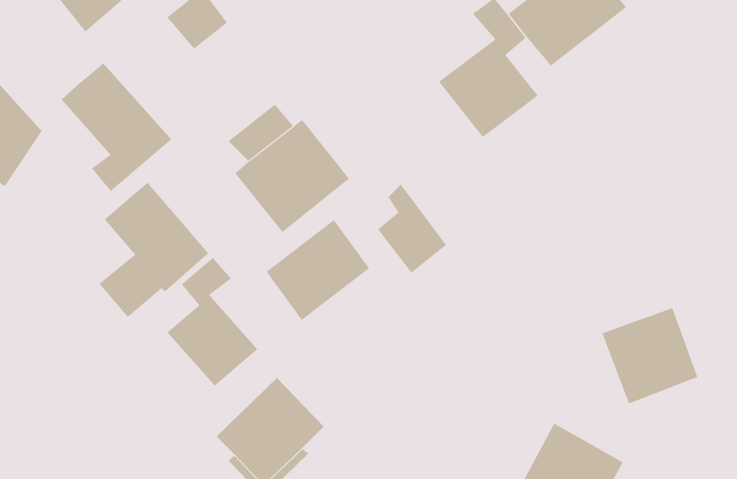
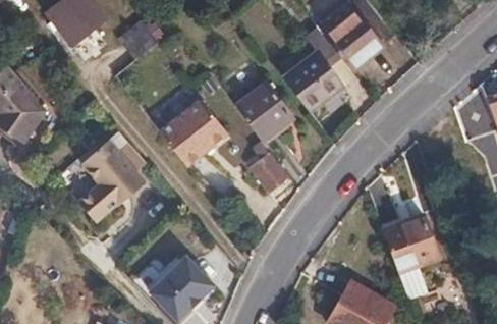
building: [61,62,172,192] -> none
building: none -> [234,80,292,140]
building: [266,219,370,321] -> none
building: [167,257,258,387] -> none

